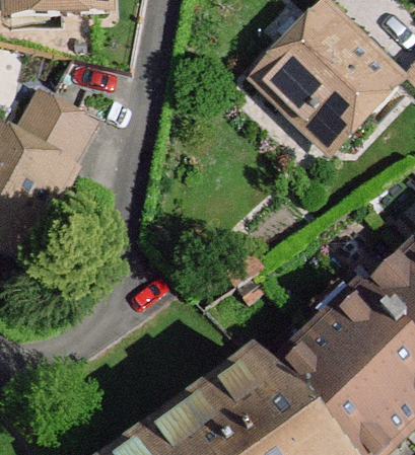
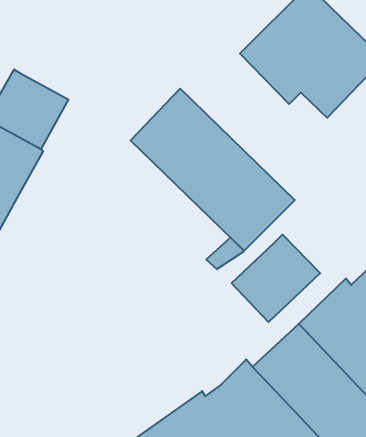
building: none -> [131,89,295,251]
building: none -> [232,235,320,322]

